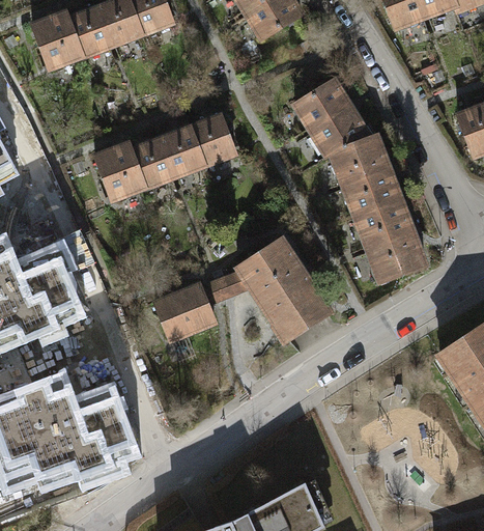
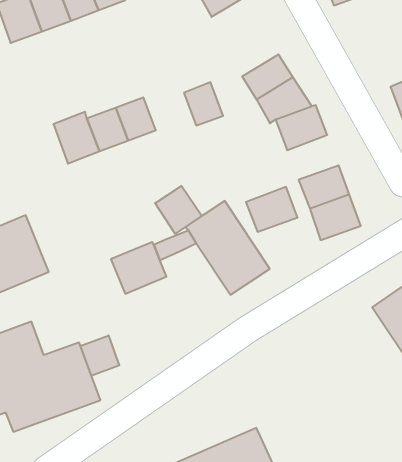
building: [189,116,231,163] -> [184,82,223,125]
building: [344,168,400,217] -> [246,187,298,232]
building: none -> [155,186,202,234]
building: none -> [81,335,119,376]

